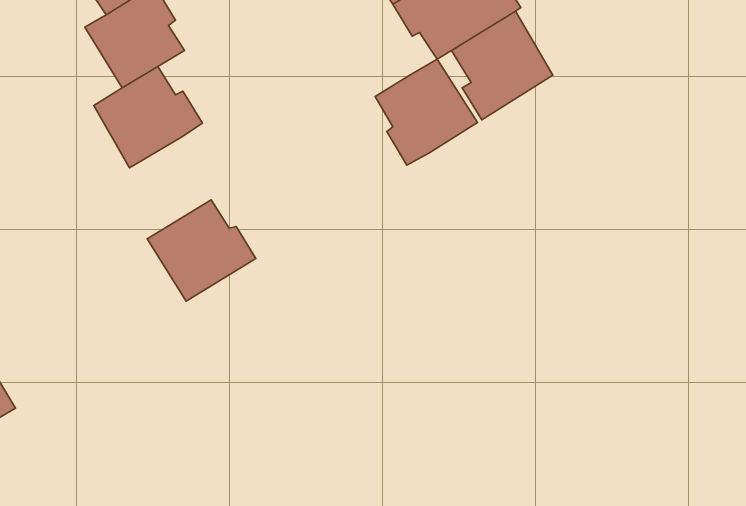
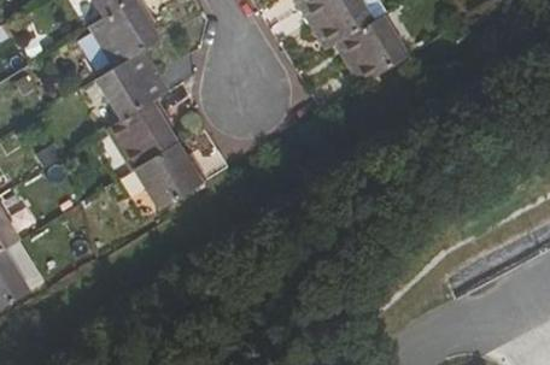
building: [375,59,478,165] -> none
building: none -> [109,99,176,167]

